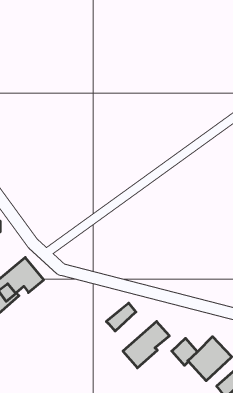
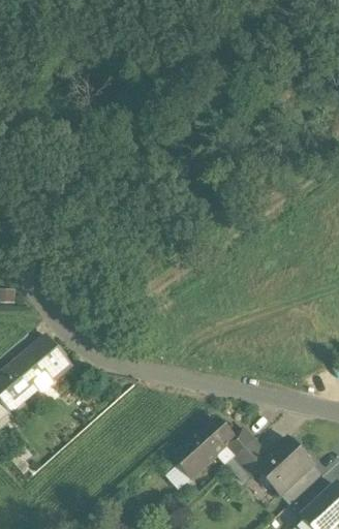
building: [106,303,136,331] -> [216,429,254,465]

